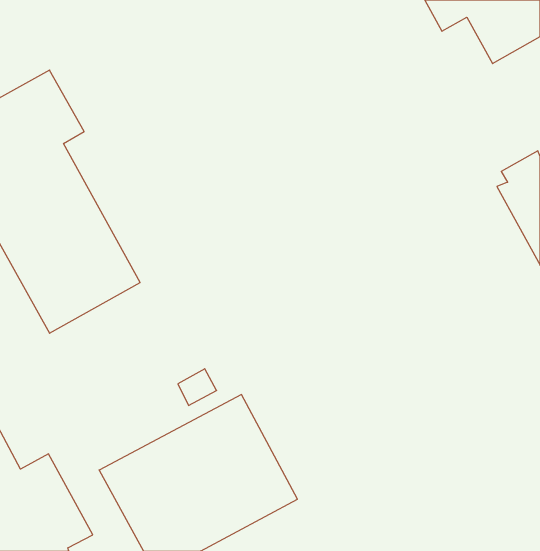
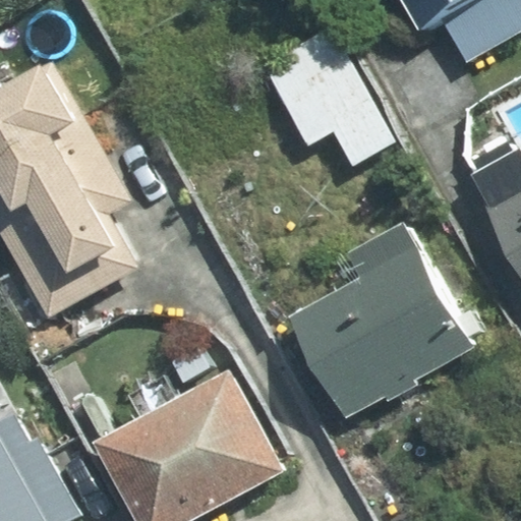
building: none -> [262,27,393,165]
building: none -> [291,225,471,416]

